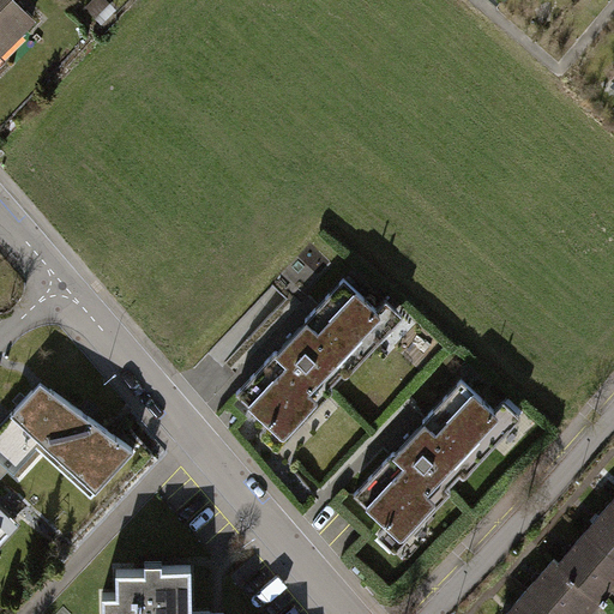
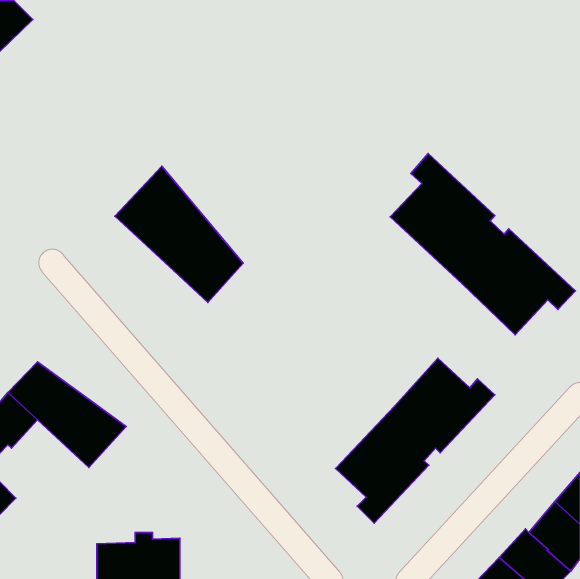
building: none -> [390,154,575,335]
building: none -> [115,166,243,302]
building: [236,279,403,453] -> none

